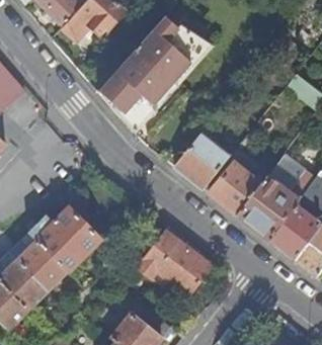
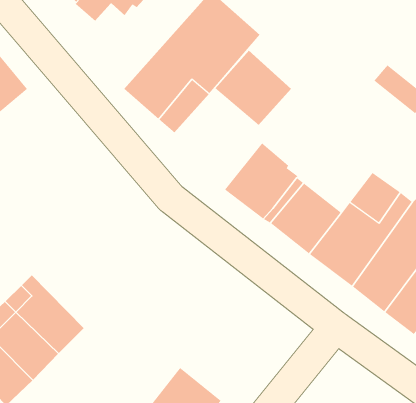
building: none -> [214,50,292,126]
building: [28,206,100,271] -> none
building: [138,230,211,293] -> none

